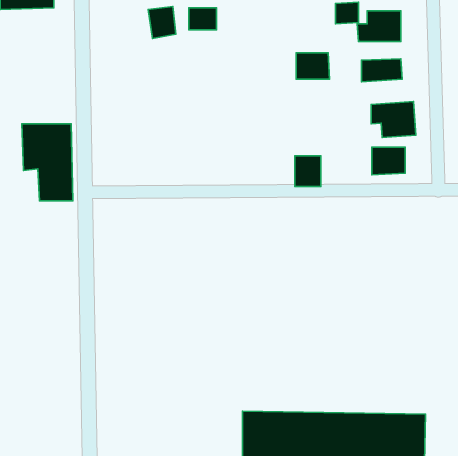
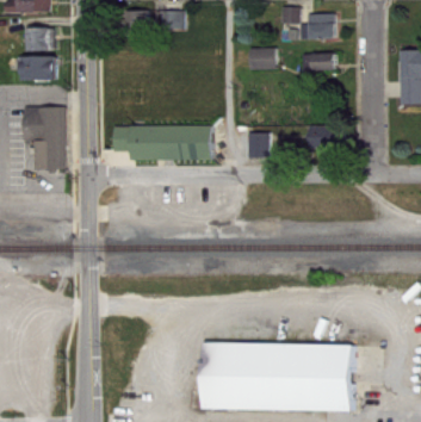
building: none -> [26,27,54,51]
building: none -> [23,56,55,80]
building: [371,101,416,138] -> none
building: none -> [112,125,211,160]

